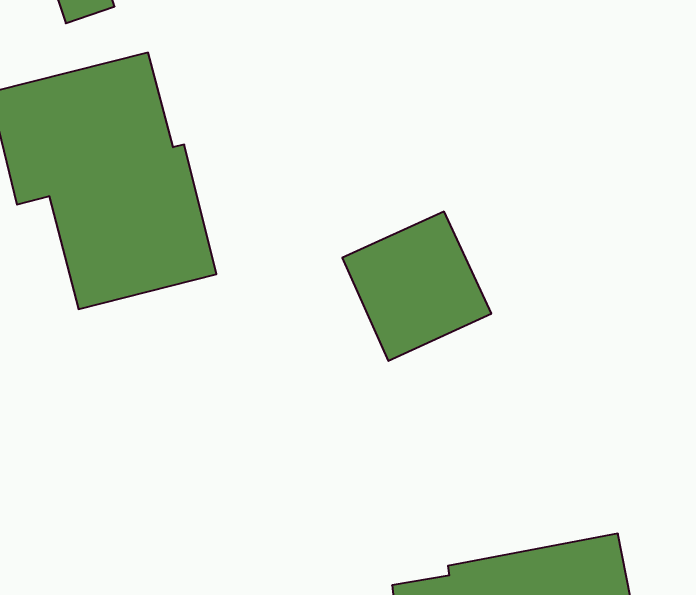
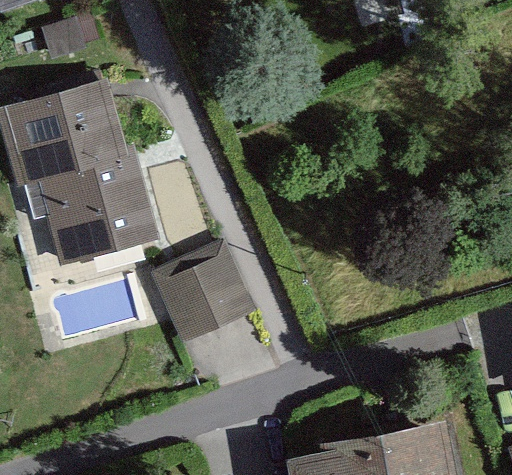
building: [342,212,491,361] -> [150,237,257,344]

